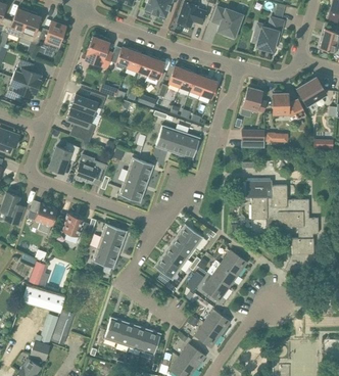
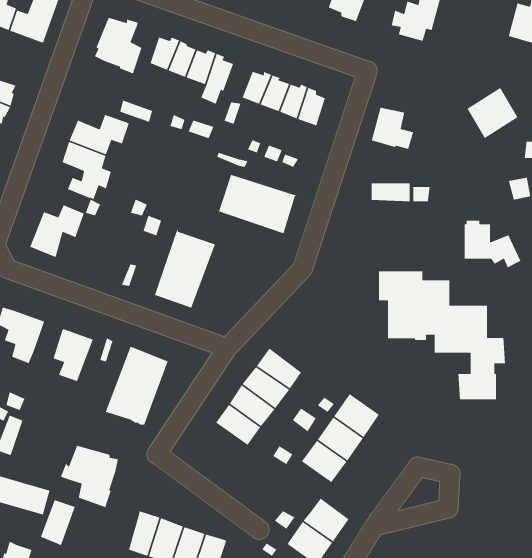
building: [273,92,305,120] -> [464,220,521,268]
building: [74,161,105,185] -> none
building: none -> [60,445,119,508]

